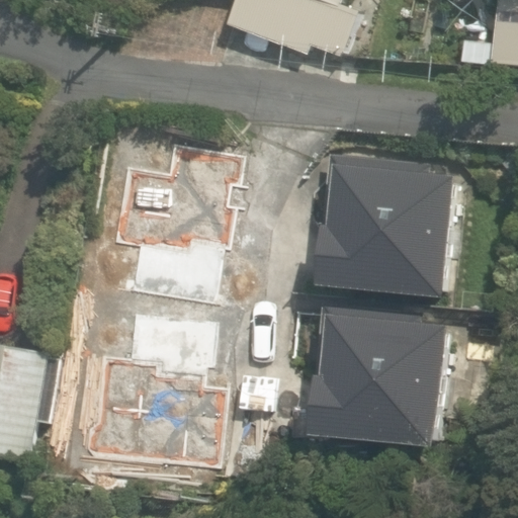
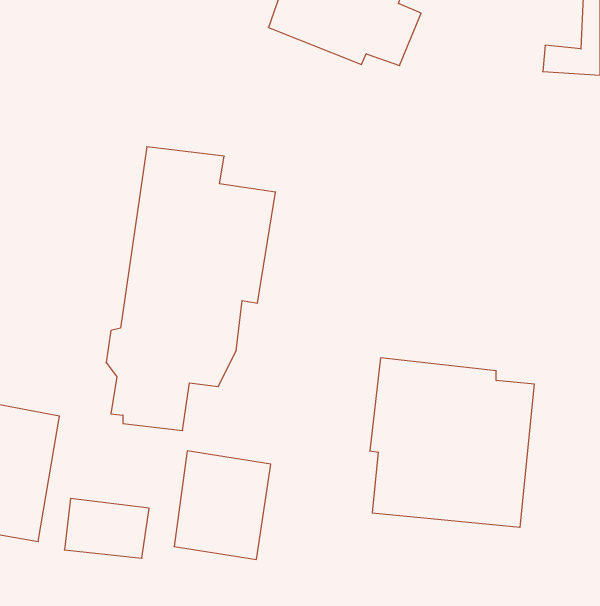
building: [321,153,459,297] -> none

